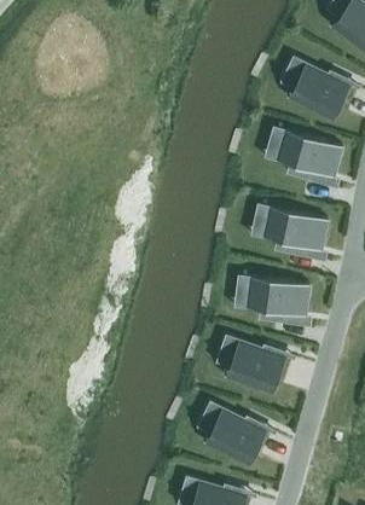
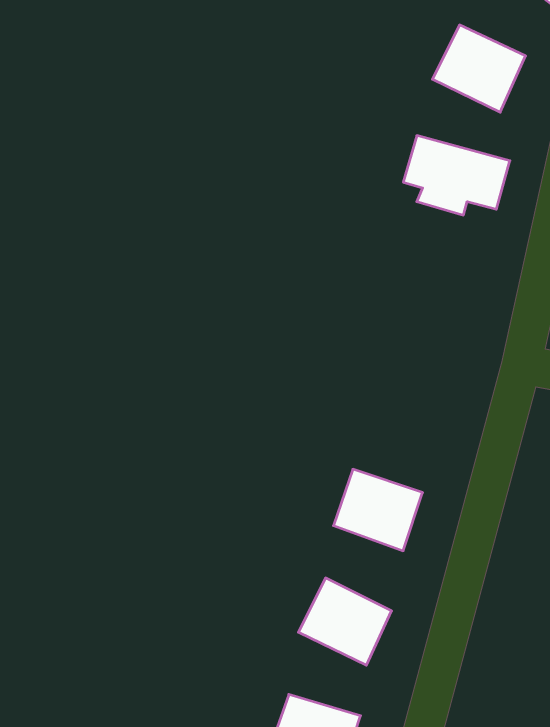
building: [261,207,326,255] -> none
building: [247,279,309,324] -> none

